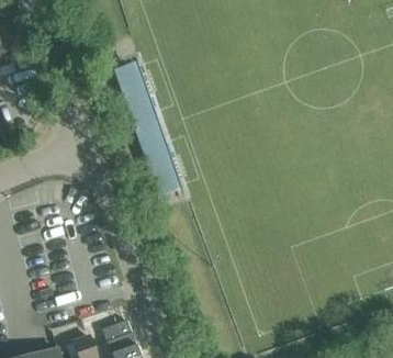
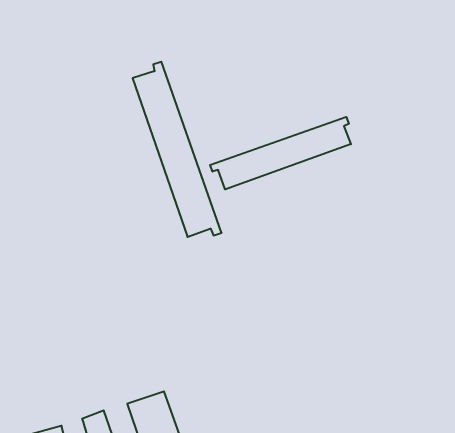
building: none -> [210,117,351,189]

